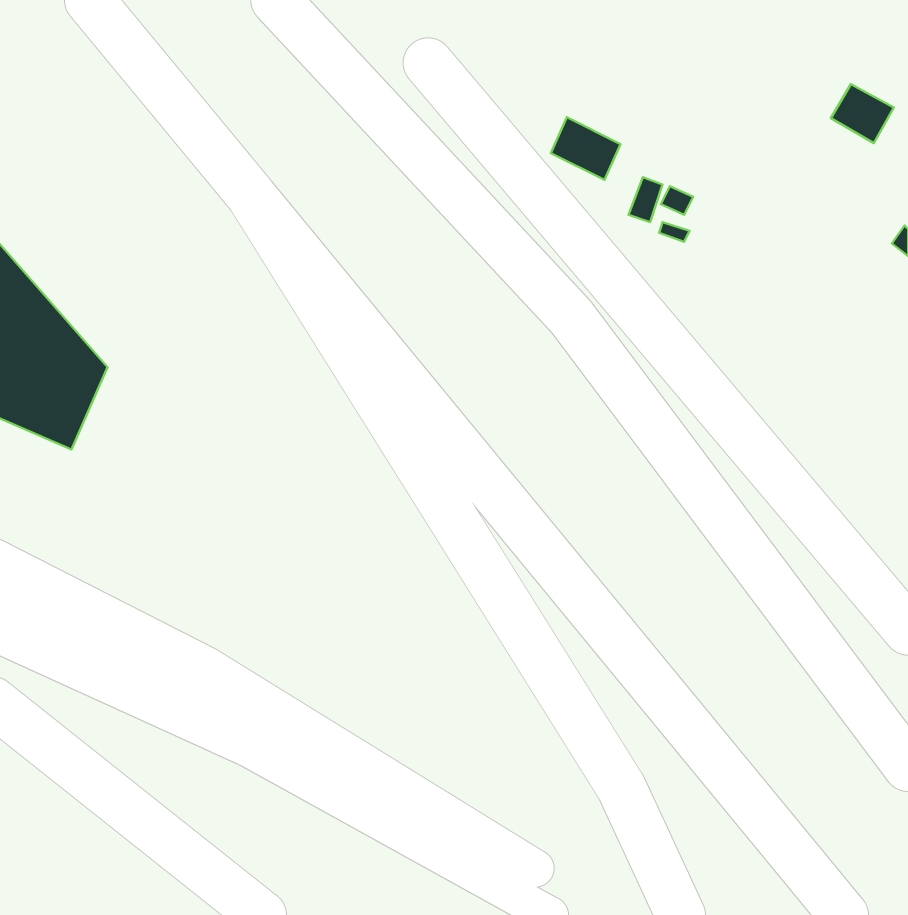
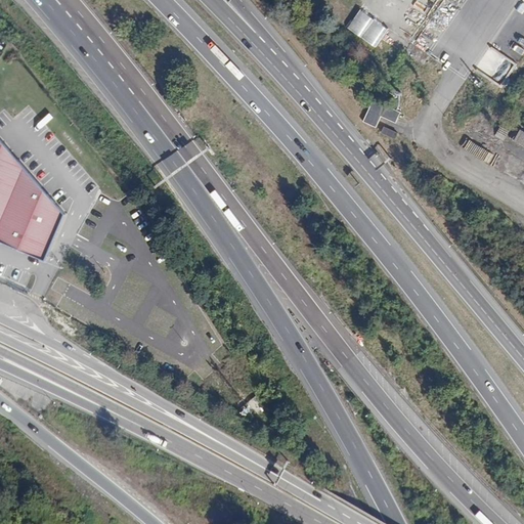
building: [551,117,621,180] -> [344,10,384,46]

